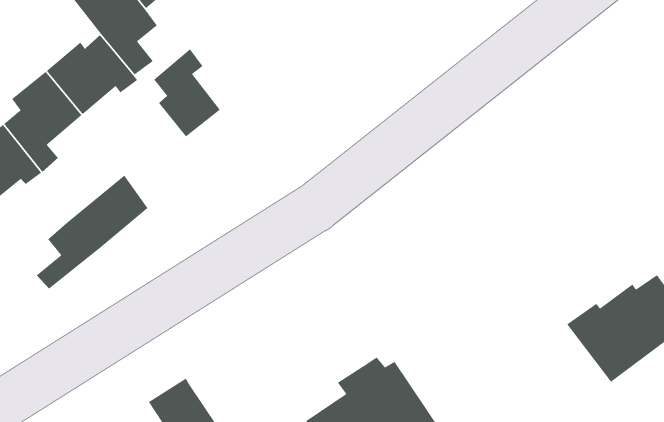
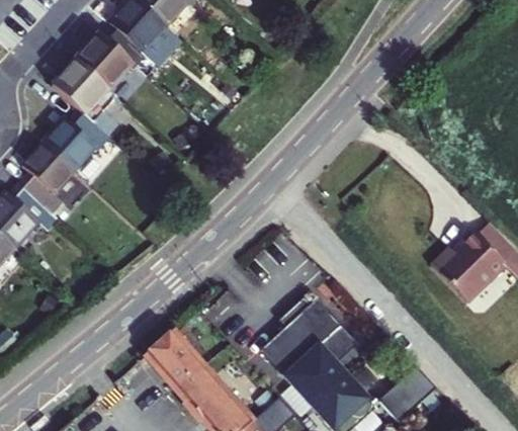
building: [153,48,221,138] -> none
building: [36,174,149,290] -> none

